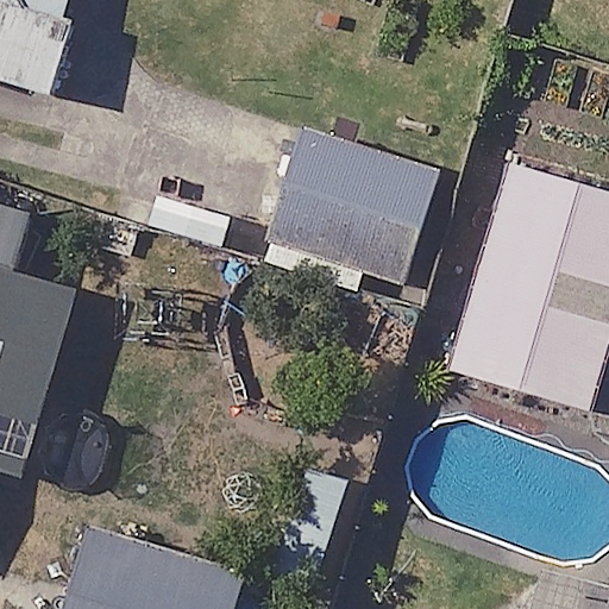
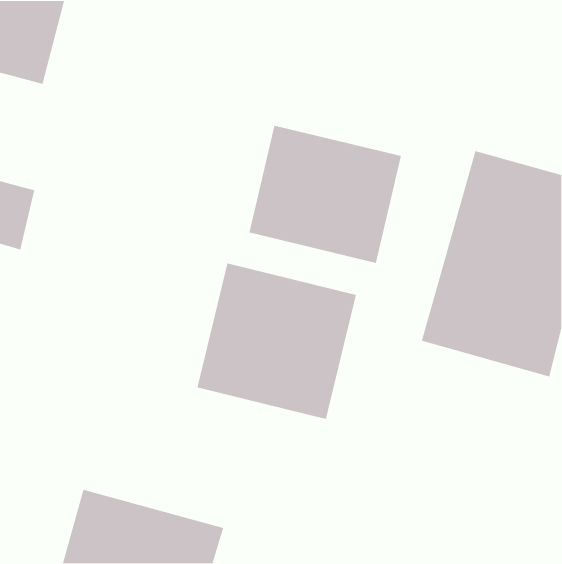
building: none -> [197,262,357,420]

